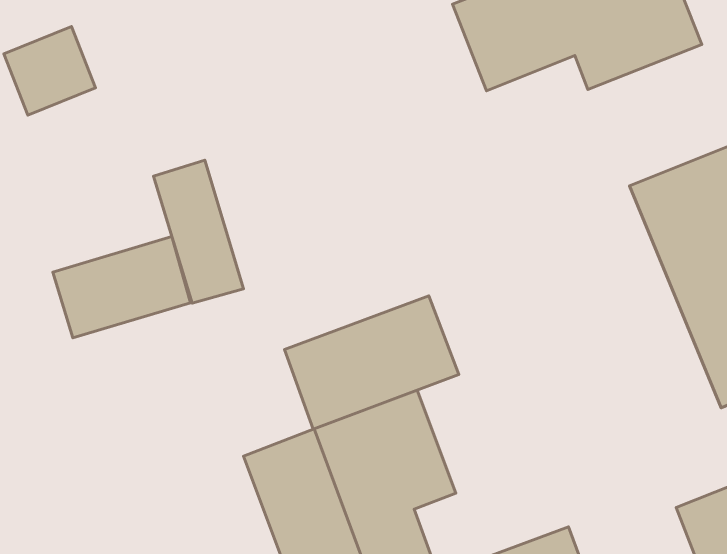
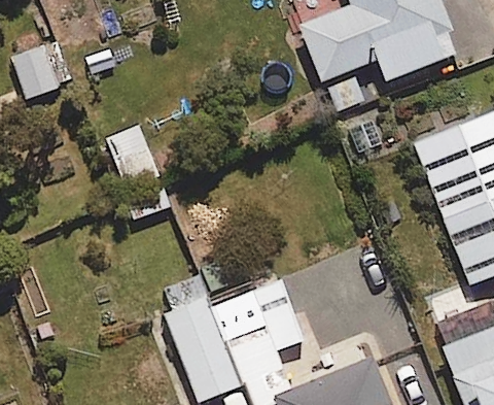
building: [53,236,191,338] -> none
building: [284,296,459,429] -> none

